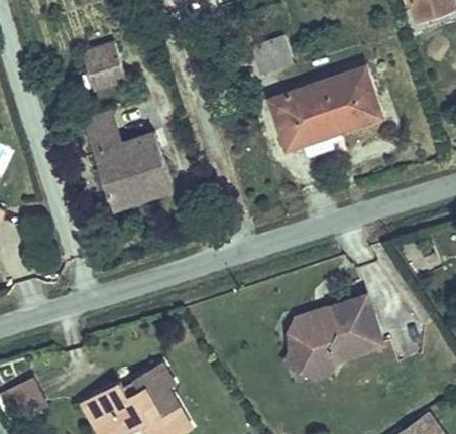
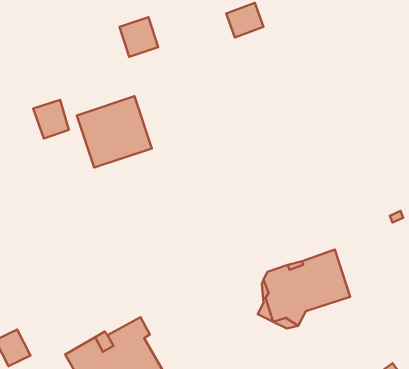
building: [83,46,123,88] -> [120,17,158,57]
building: [269,67,380,156] -> none
building: [84,115,121,155] -> [33,100,69,138]

